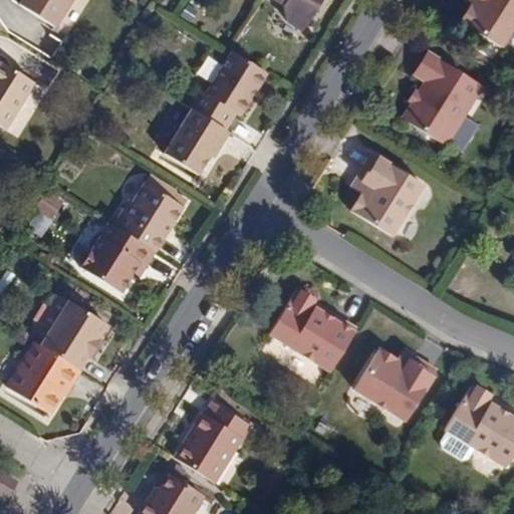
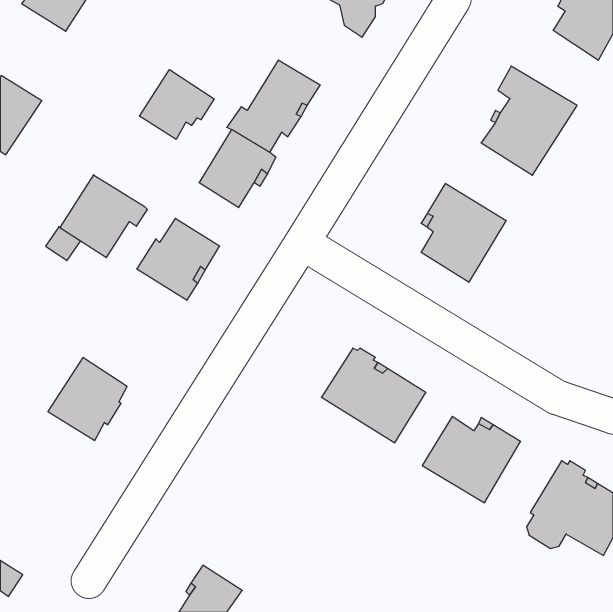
building: none -> [139,70,214,139]
building: [85,224,159,293] -> [60,175,147,258]
building: [8,341,81,414] -> none
building: [174,403,248,481] -> none

